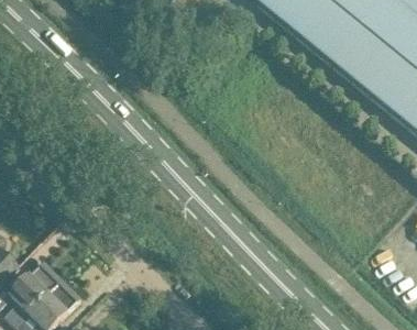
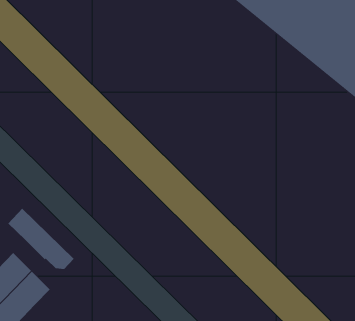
building: none -> [7,208,74,270]

